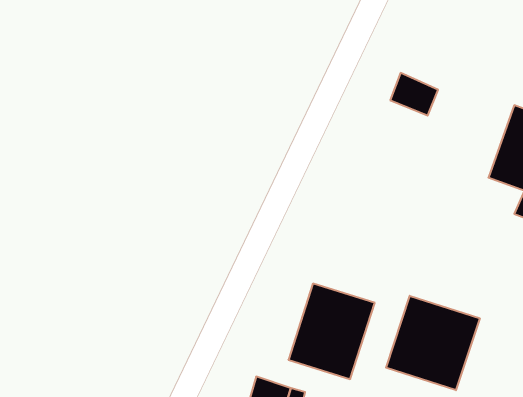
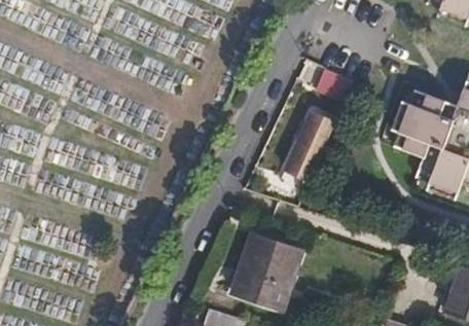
building: none -> [291,109,333,165]
building: [386,296,480,390] -> none

